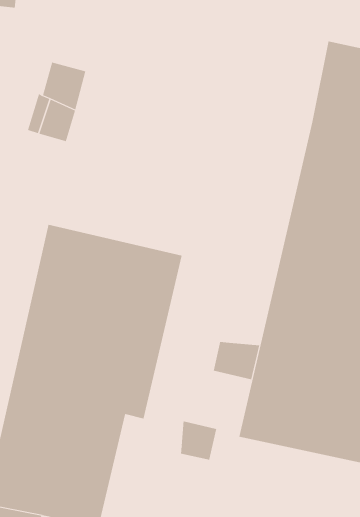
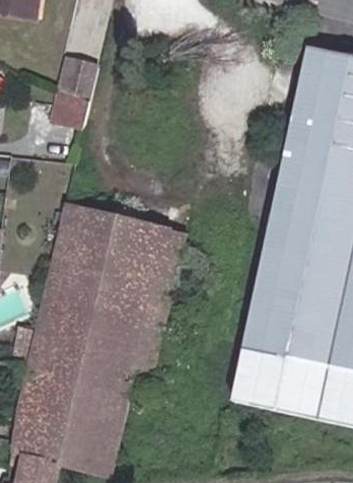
building: [213,341,260,380] -> none
building: [180,420,217,461] -> none

